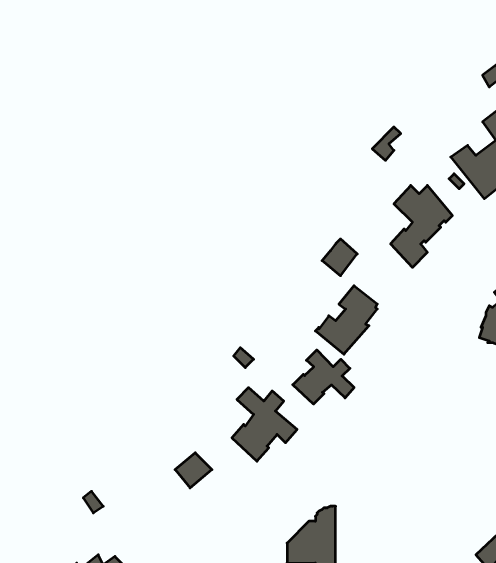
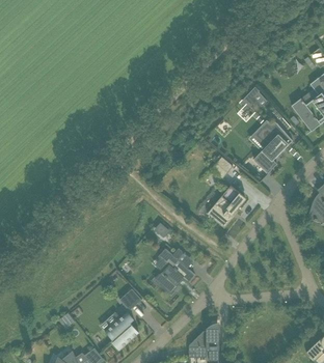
building: [293,350,354,404] -> none
building: none -> [105,312,139,351]

